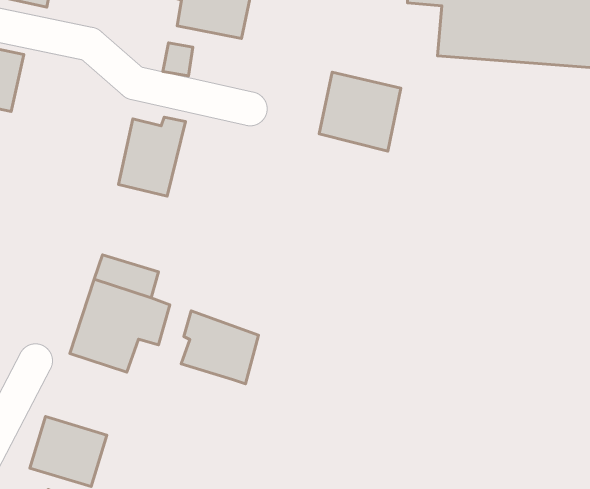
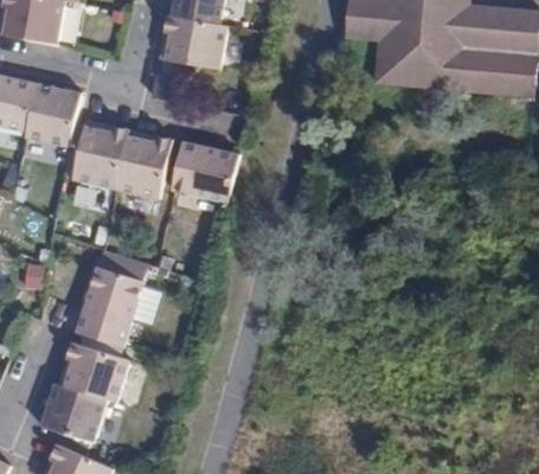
building: none -> [24,83,81,150]
building: [319,72,401,151] -> [171,141,238,206]
building: none -> [70,126,129,191]
building: [181,311,258,384] -> [63,341,127,402]

